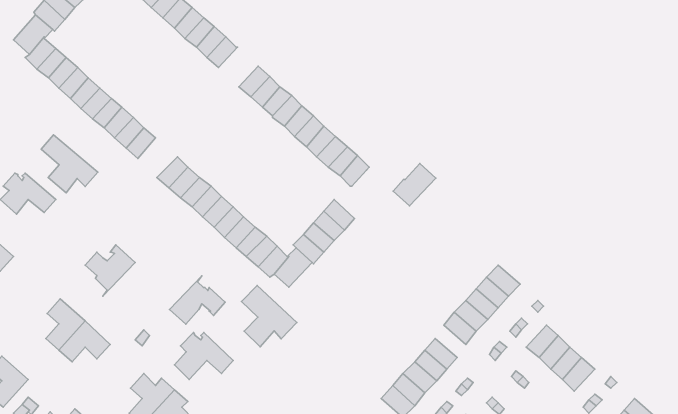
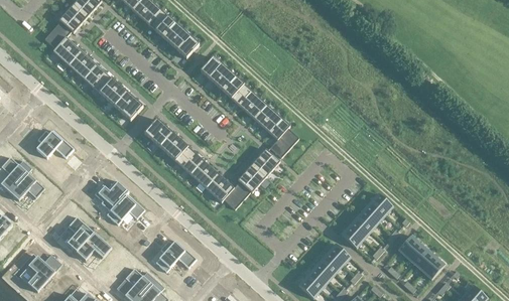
building: [41,135,98,193] -> none
building: [393,164,436,206] -> [269,128,298,157]
building: [170,276,225,324] -> [106,191,144,224]
building: [242,286,297,347] -> none

